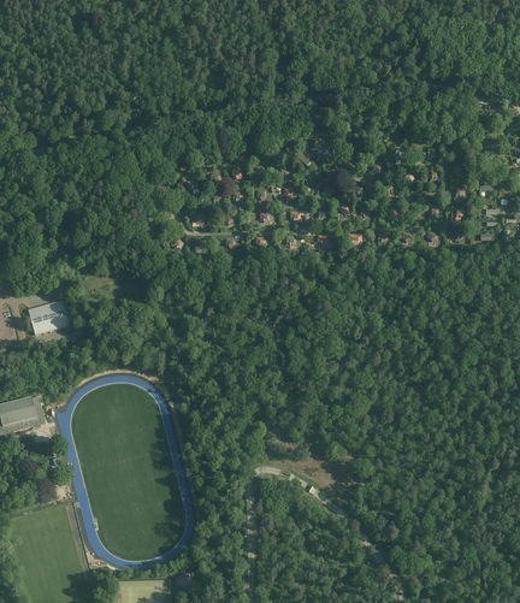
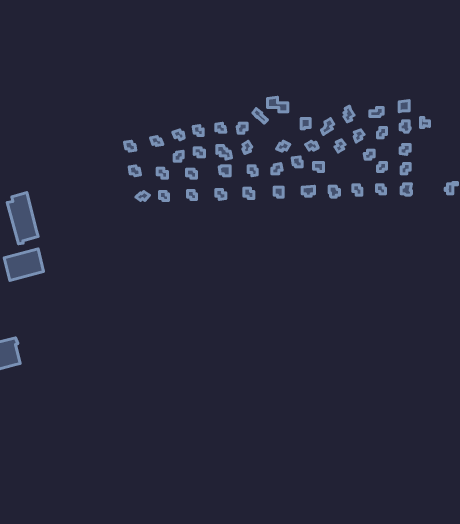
building: none -> [7,193,38,244]

